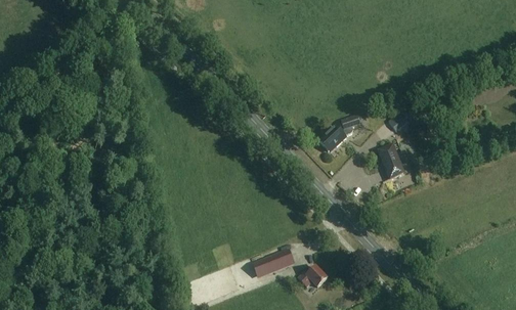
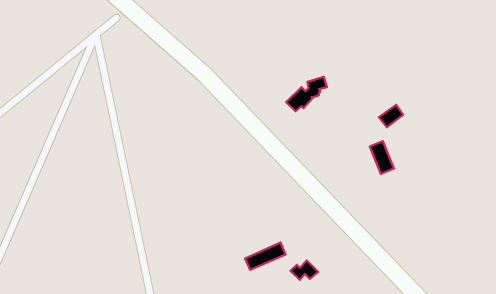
building: [320,115,361,149] -> [286,77,327,111]

